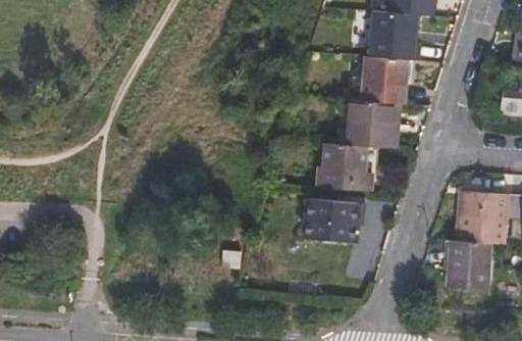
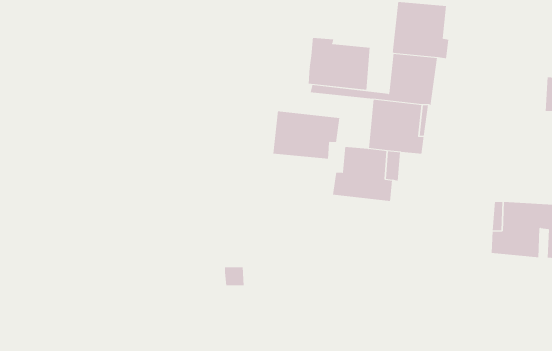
building: none -> [308,37,370,90]
building: [301,198,362,242] -> [273,111,340,159]
building: [447,238,489,286] -> none

